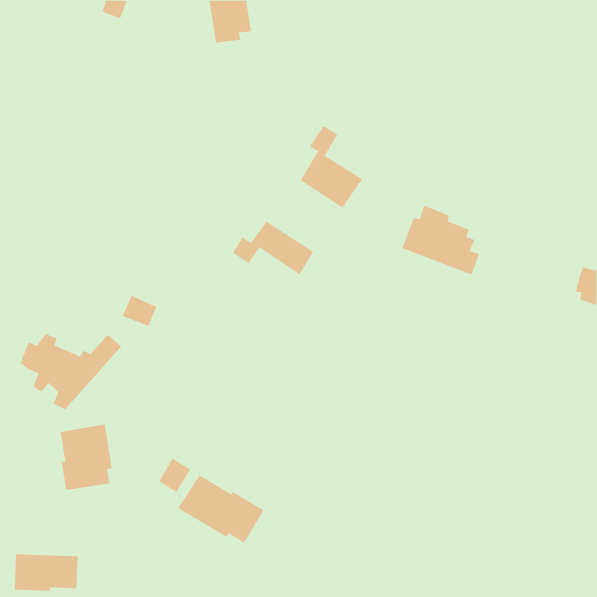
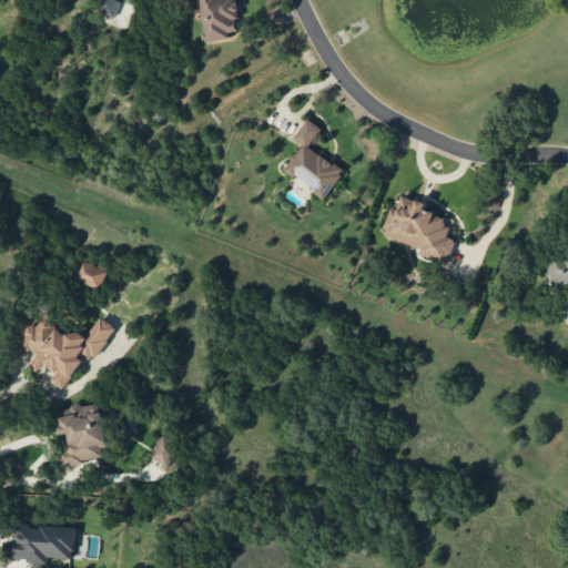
building: [232,221,314,275] -> none
building: [122,295,157,327] -> [74,260,108,290]
building: [178,474,264,544] -> none

